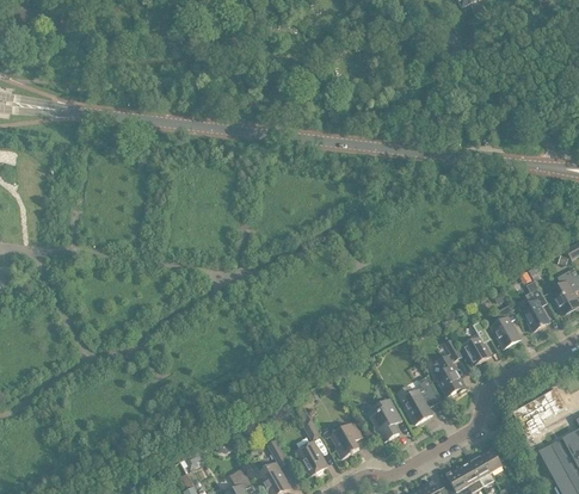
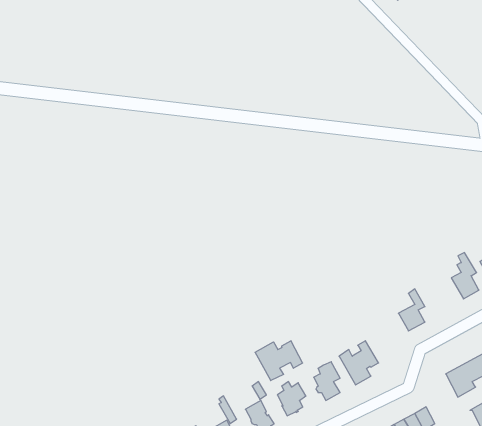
building: [491,305,519,348] -> none
building: [431,340,466,399] -> none
building: none -> [255,341,303,381]

